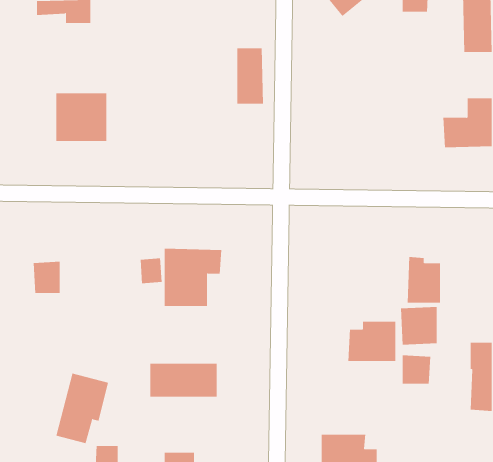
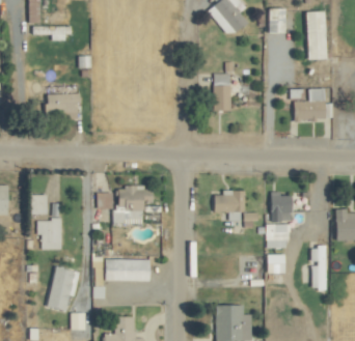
building: [236,48,264,104] -> [214,75,231,111]
building: none -> [38,220,63,250]
building: [348,321,396,361] -> [213,190,244,216]

